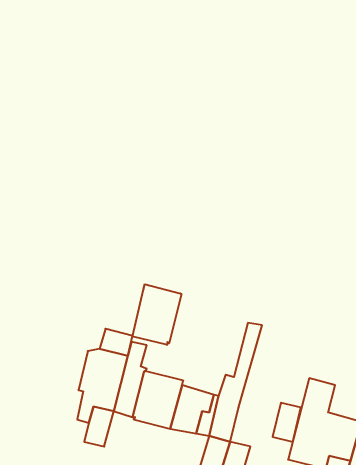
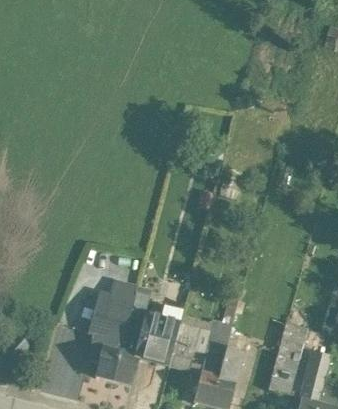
building: [132,284,181,345] -> none
building: [273,403,301,442] -> [219,347,243,380]
building: none -> [112,350,138,385]

